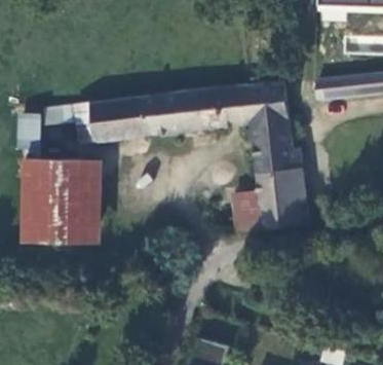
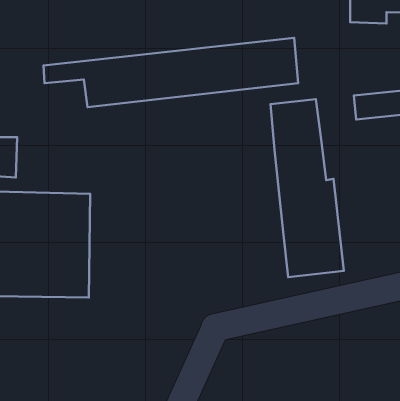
building: [43,86,251,143] -> [43,38,298,107]
building: [232,190,262,230] -> none

